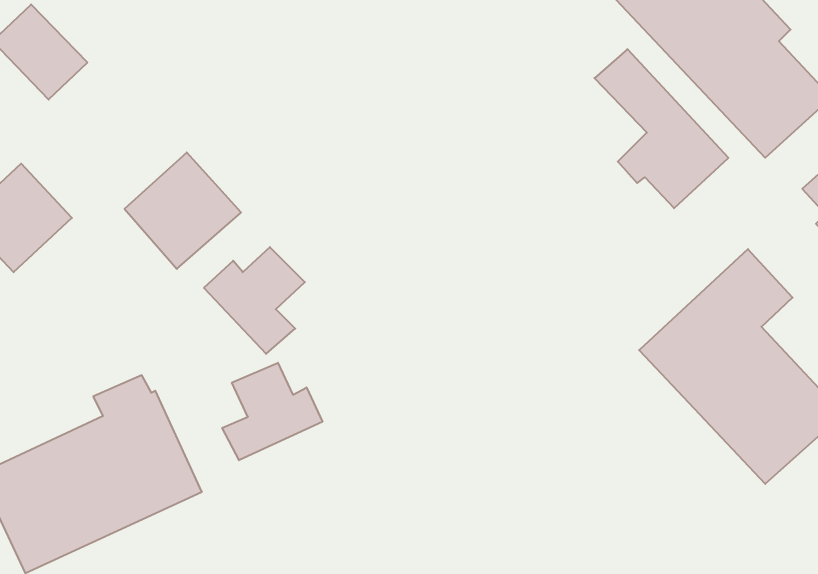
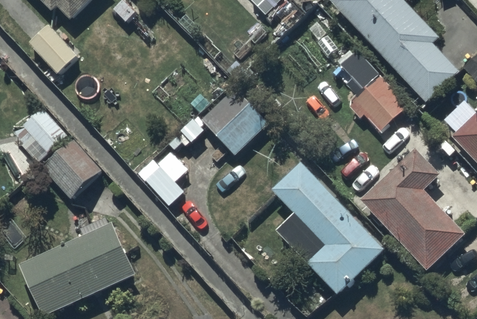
building: none -> [200,84,269,152]
building: [125,152,241,269] -> [42,138,102,198]
building: none -> [272,162,385,296]
building: [222,363,322,460] -> none

